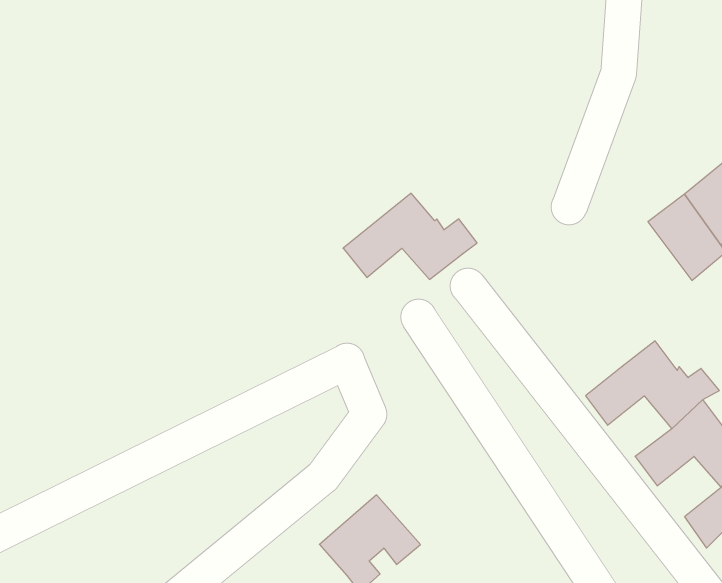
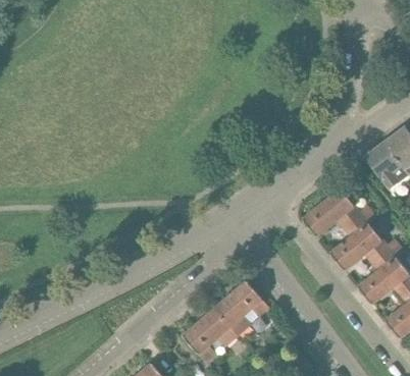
building: [343,193,477,279] -> [303,190,377,237]
building: none -> [214,281,269,336]

